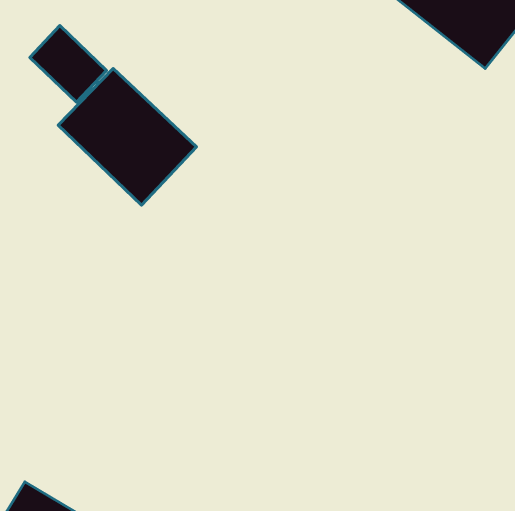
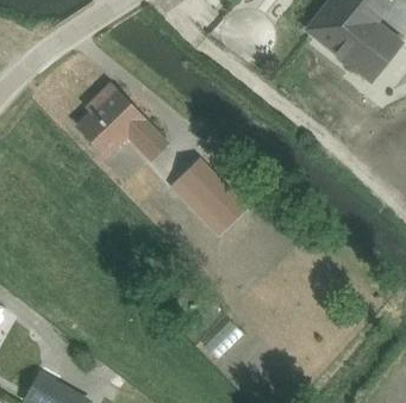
building: [30,26,107,102] -> none
building: none -> [181,153,243,215]

